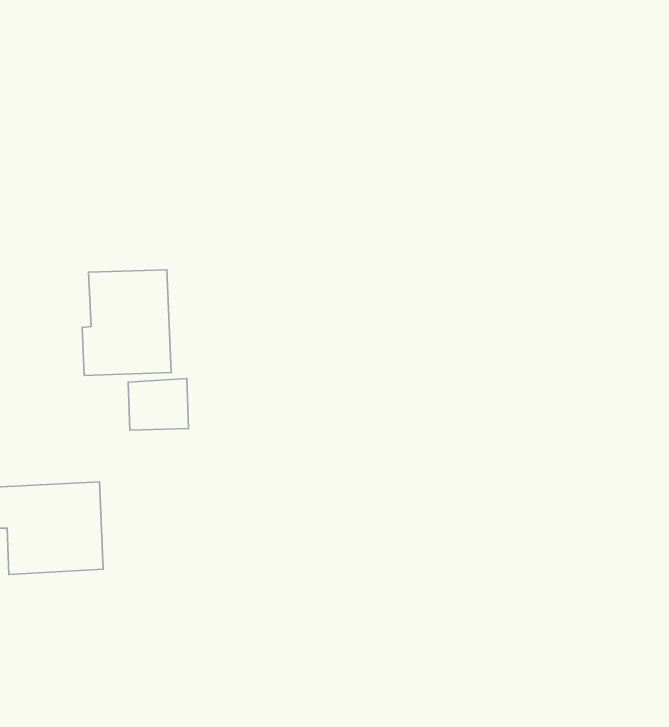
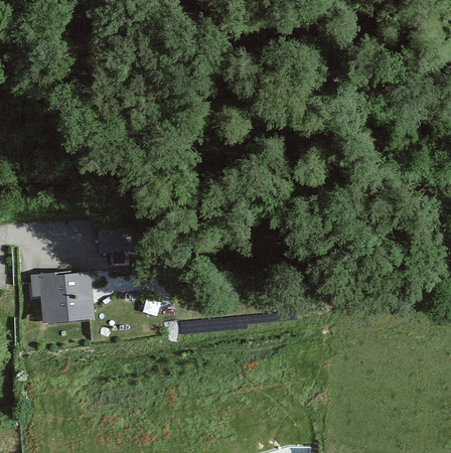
building: [82,270,171,376] -> none

